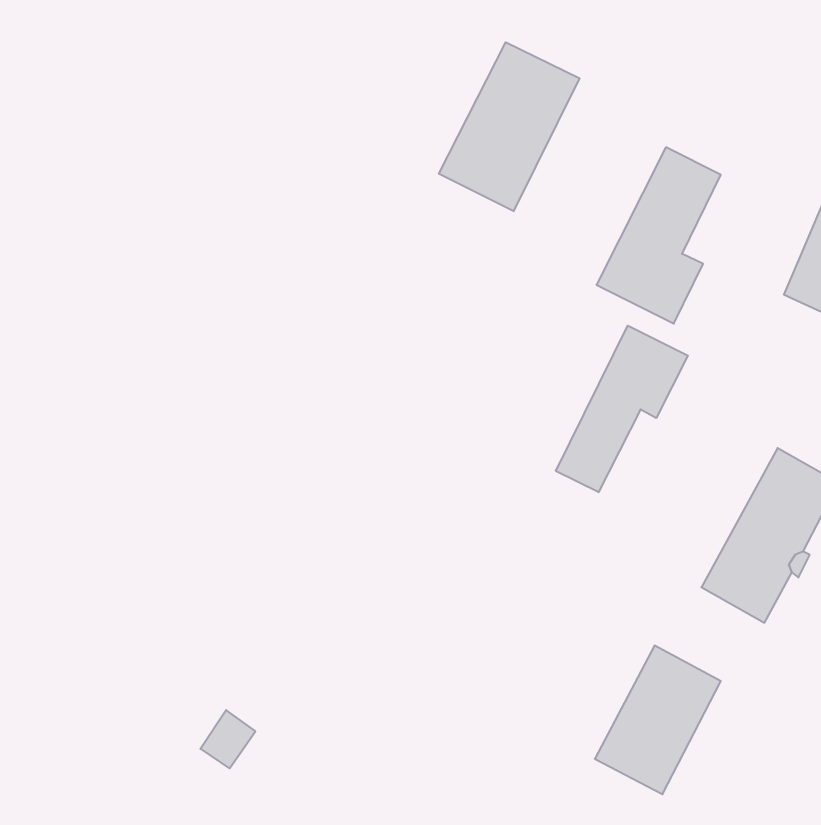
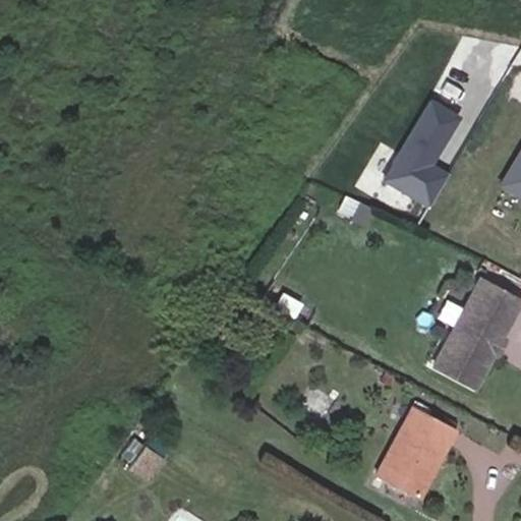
building: [439,42,580,211] -> none
building: [556,326,688,492] -> none

